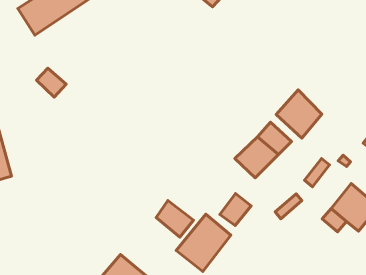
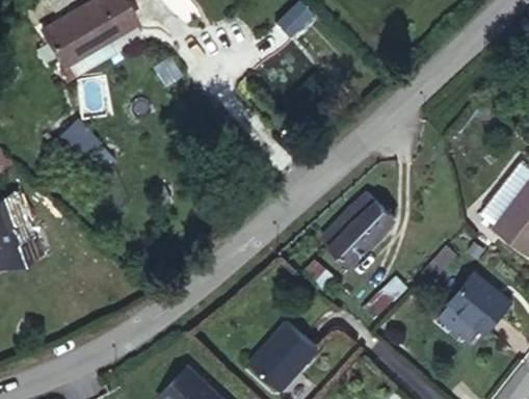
building: [276,90,322,138] -> none
building: [220,194,251,225] -> none
building: [156,201,193,237] -> none

